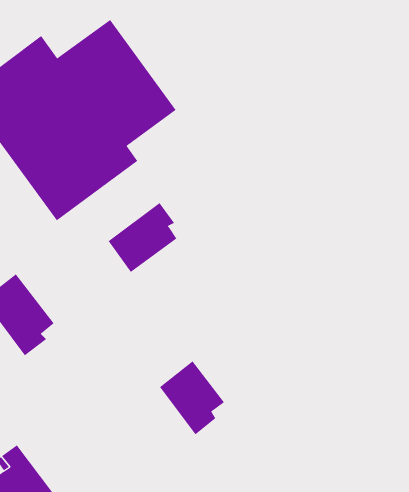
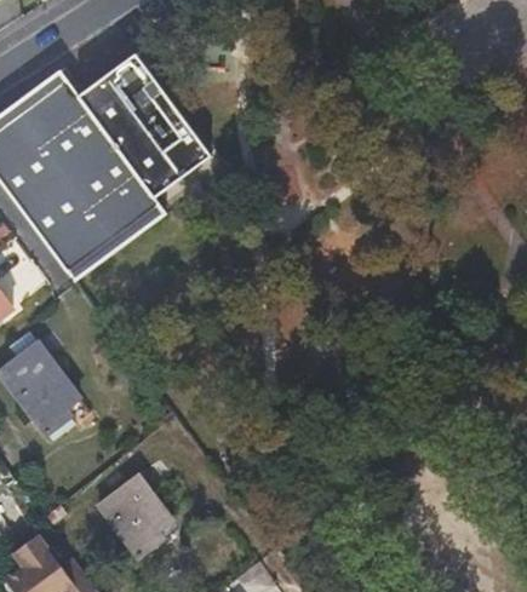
building: [108,202,177,273] -> none
building: [159,361,225,435] -> [96,473,171,558]

